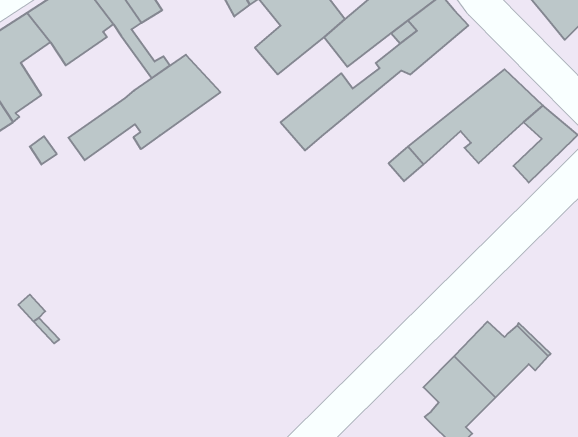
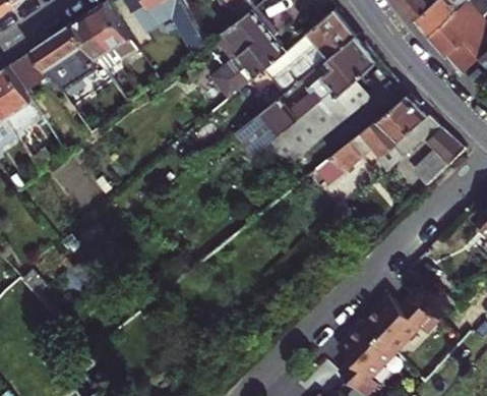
building: [68,55,220,160] -> none
building: none -> [262,97,355,163]

